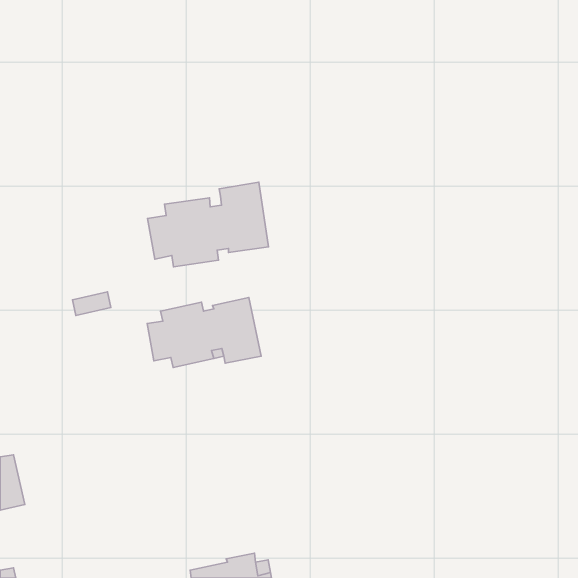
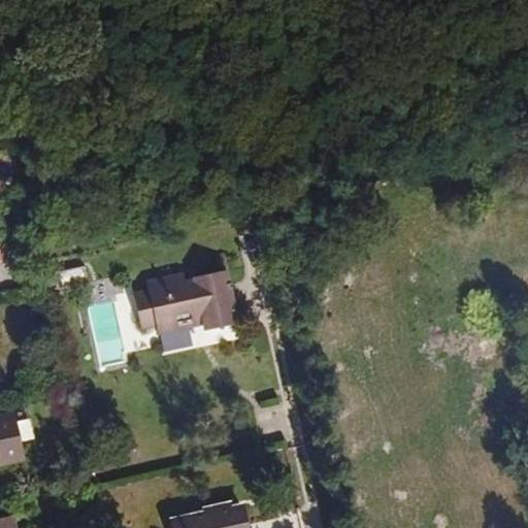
building: [147,182,269,267] -> none

